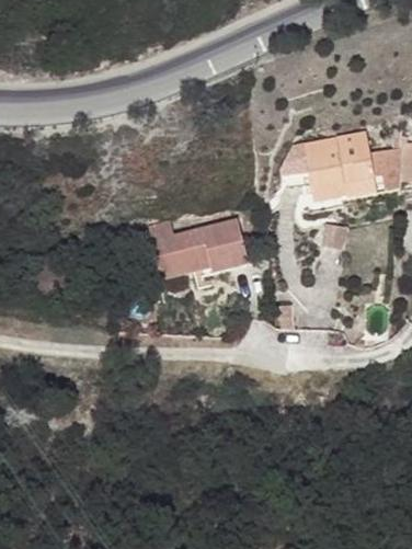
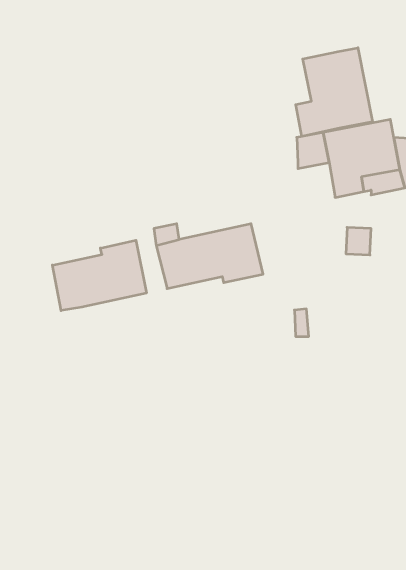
building: none -> [296,48,372,136]
building: none -> [52,240,146,311]

